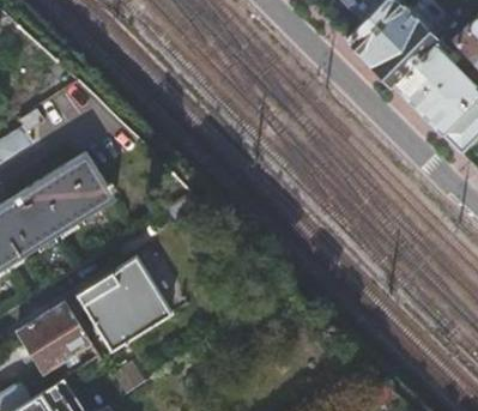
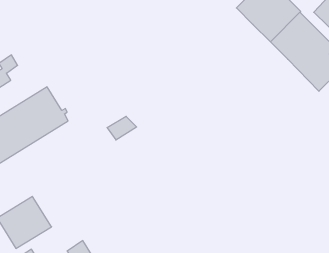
building: [75,256,171,350] -> none

